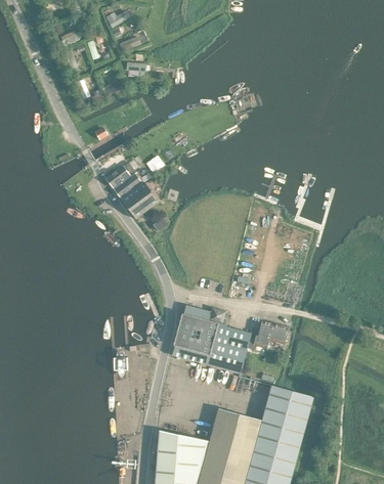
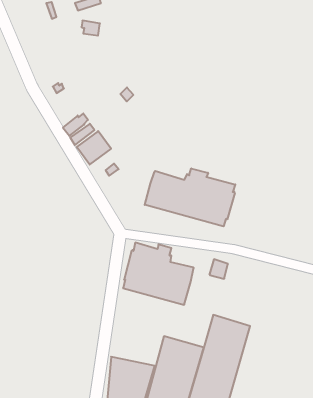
building: none -> [145,168,235,226]
building: [247,321,272,350] -> none

